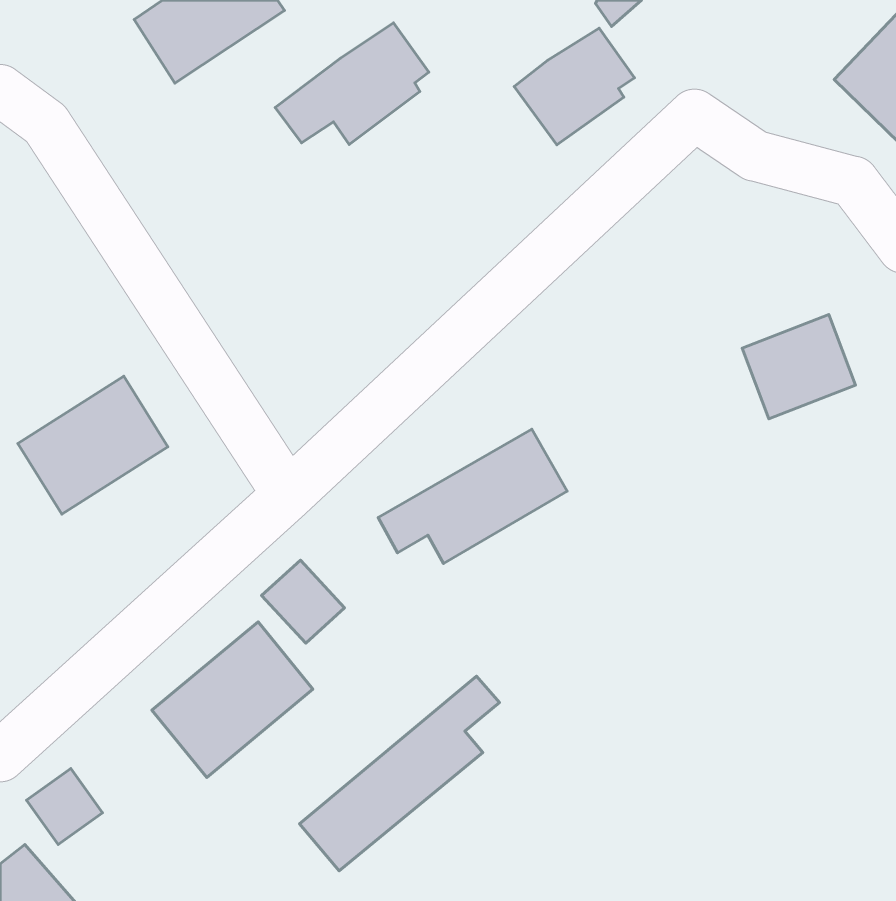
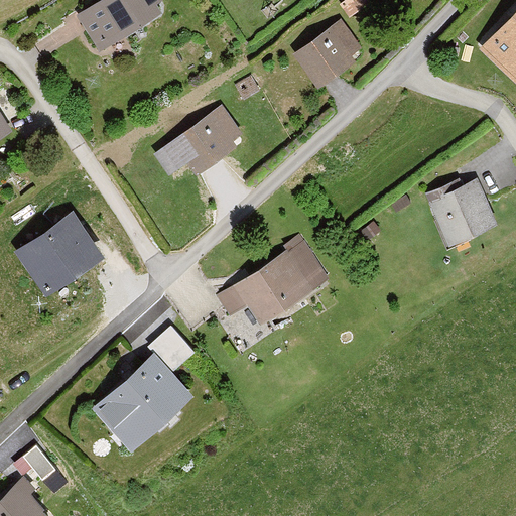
building: [275,23,429,145] -> [158,103,246,172]
building: [300,676,500,871] -> none

